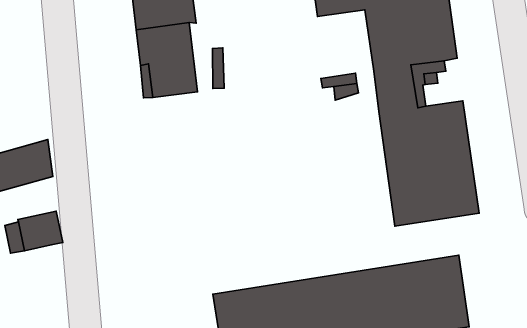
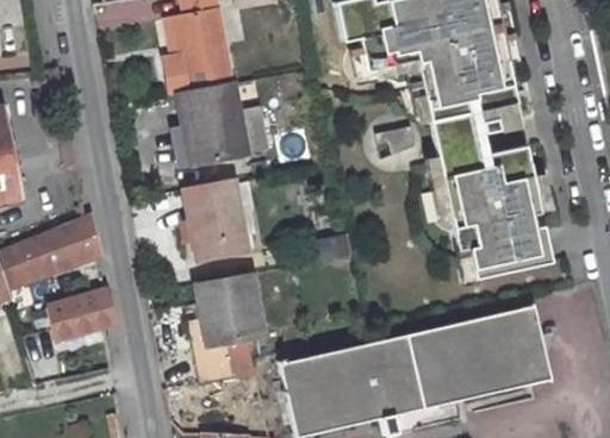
building: none -> [179,180,251,262]
building: none -> [191,273,263,387]

